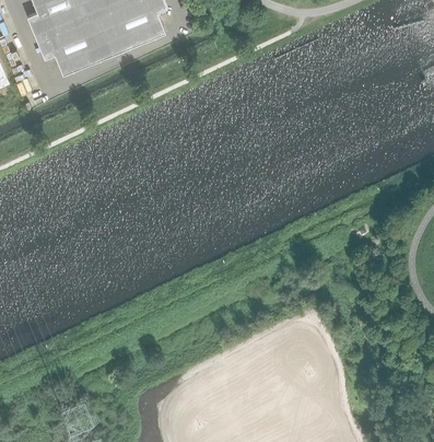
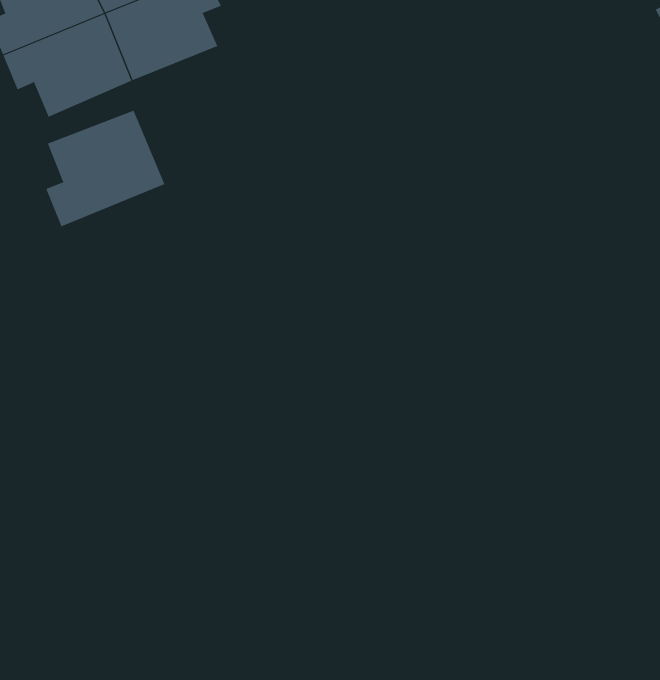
building: none -> [46,110,165,227]

